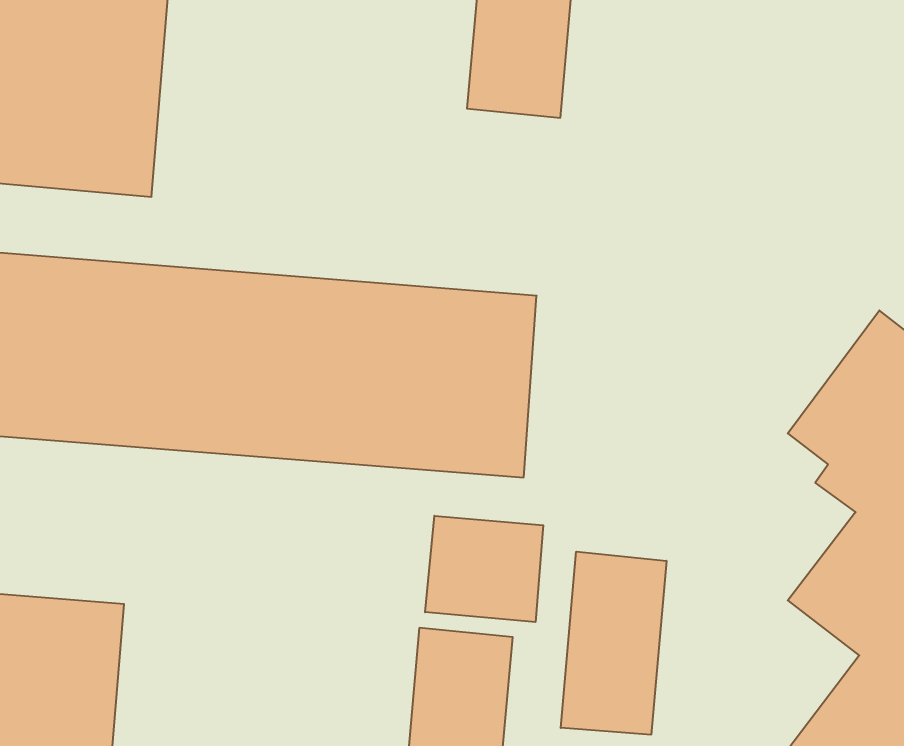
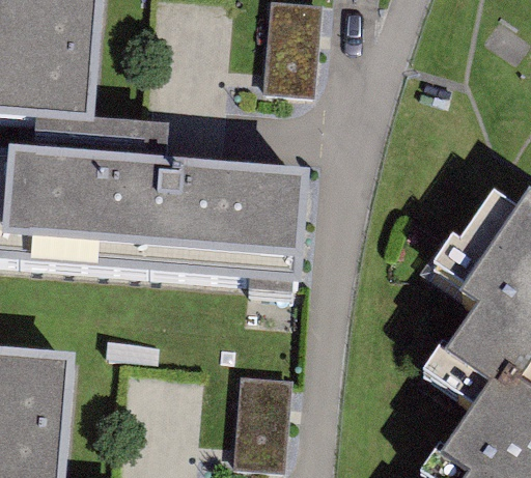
building: [425,516,543,622] -> none
building: [561,552,666,735] -> none

